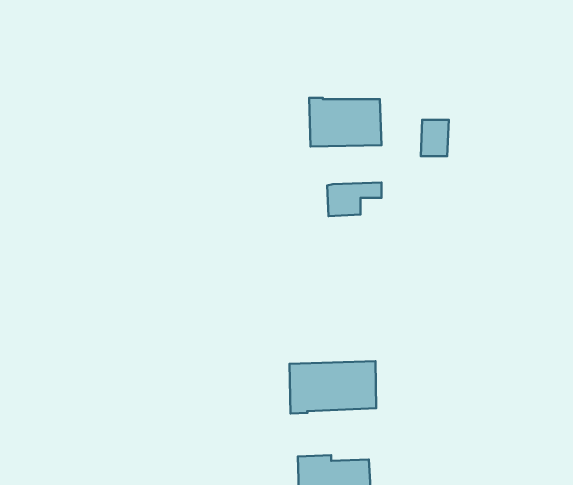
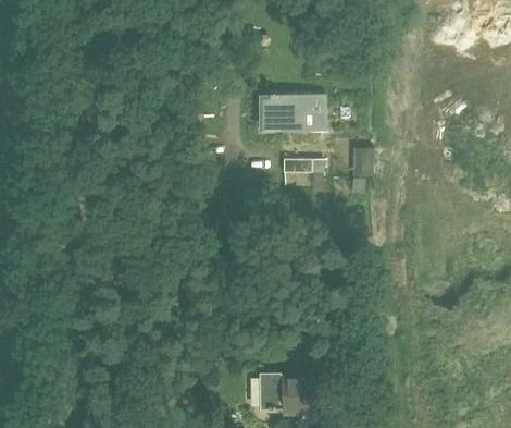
building: [421,120,449,156] -> [352,148,374,176]
building: [290,361,376,413] -> none

